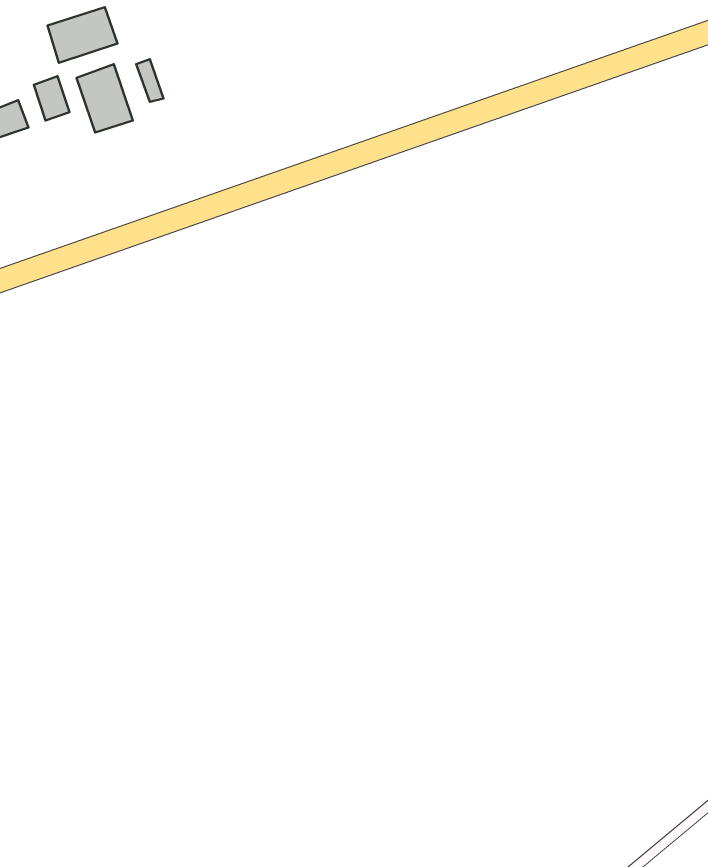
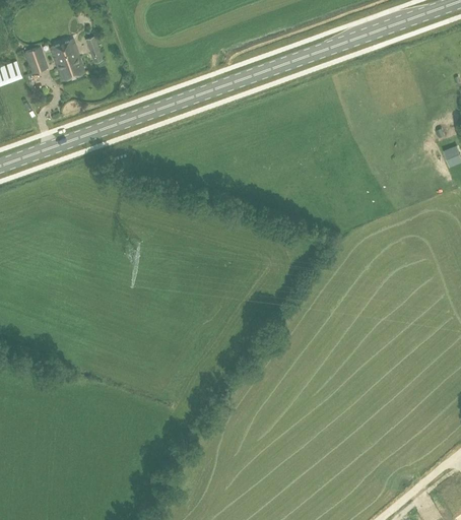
building: [48,7,117,63] -> none

